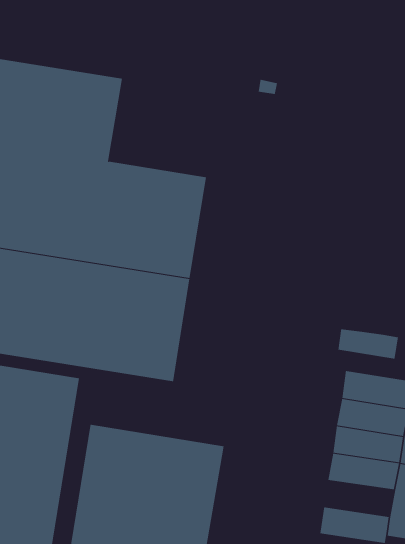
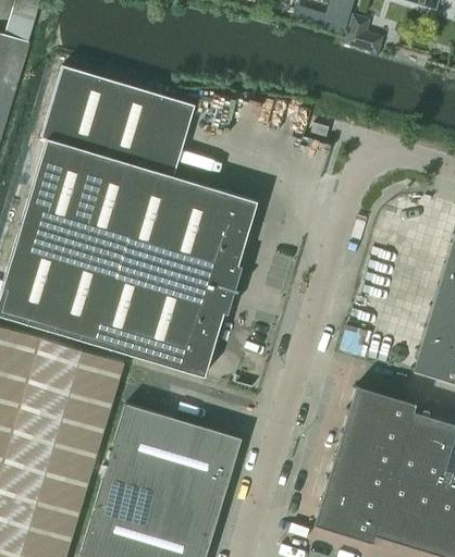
building: [338,329,398,359] -> none
building: none -> [321,481,385,520]

